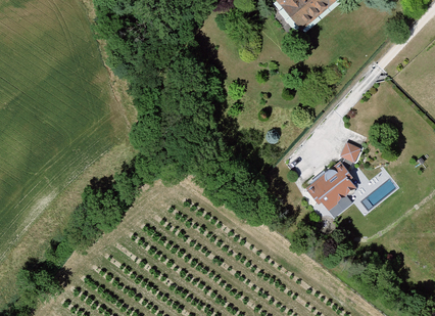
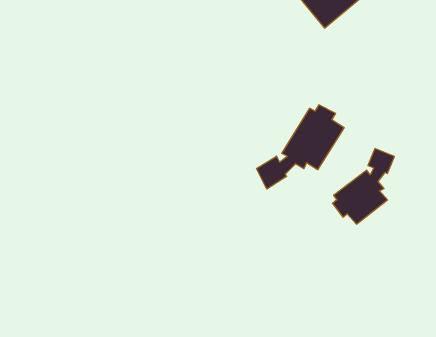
building: none -> [257,105,344,189]

